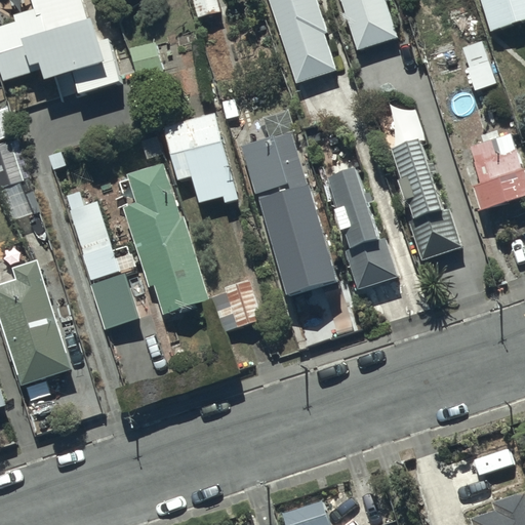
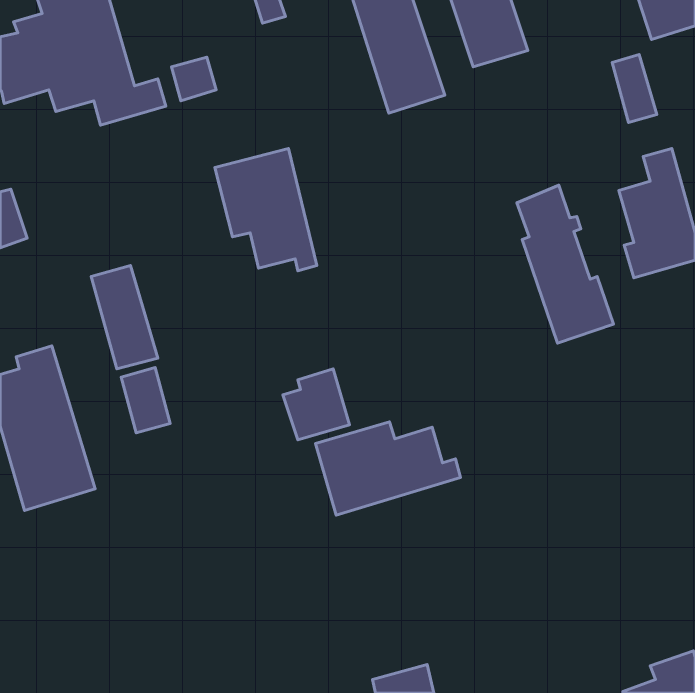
building: [246,130,337,294] -> none
building: [123,165,208,314] -> none
building: [327,169,396,289] -> none
building: none -> [315,422,460,515]

